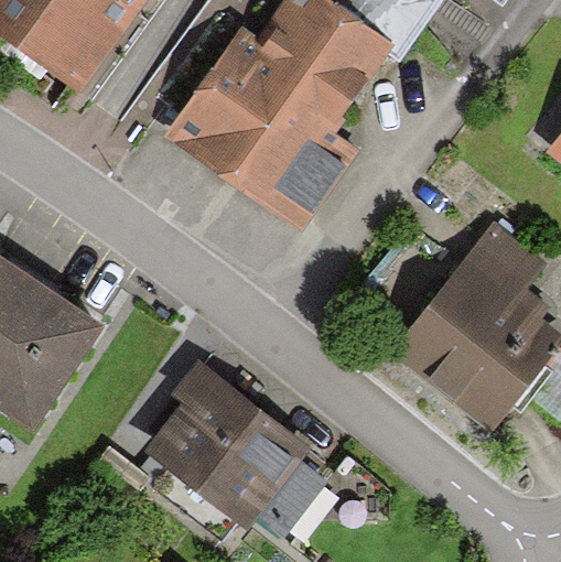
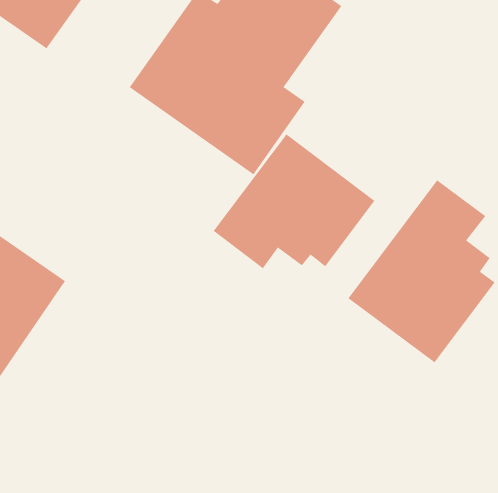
building: none -> [213,133,375,269]
building: [151,361,321,530] -> none

